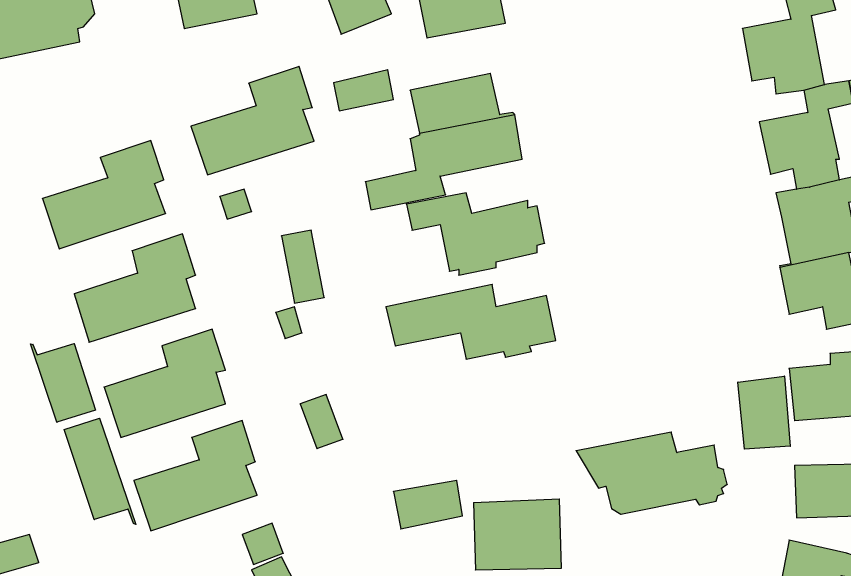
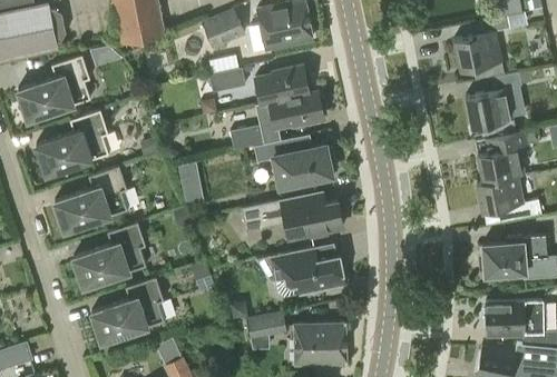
building: [191,66,314,175] -> [18,53,91,118]
building: [31,344,96,422] -> none
building: [738,376,790,449] -> none
building: [64,418,136,524] -> none
building: [576,432,727,514] -> [256,248,346,297]

